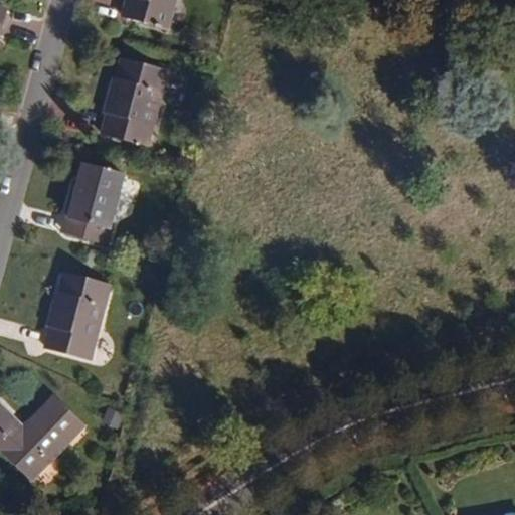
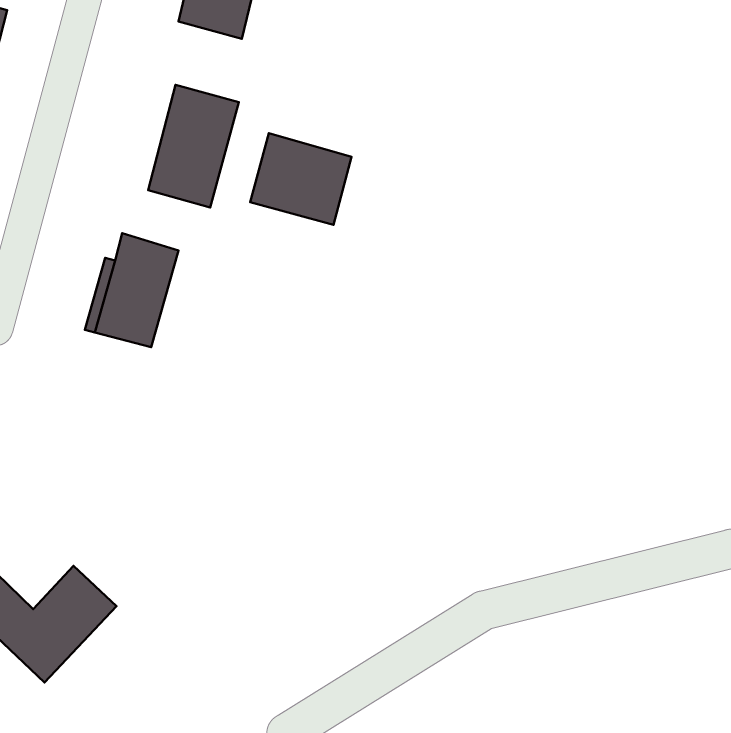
building: none -> [250,133,352,225]
building: [45,274,110,359] -> none

